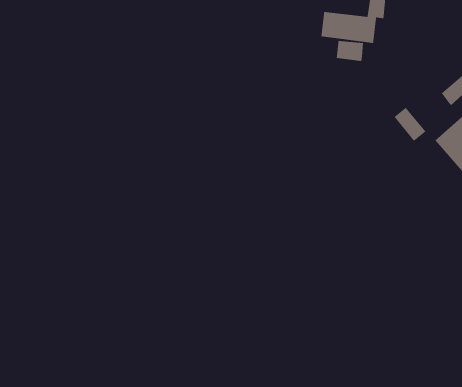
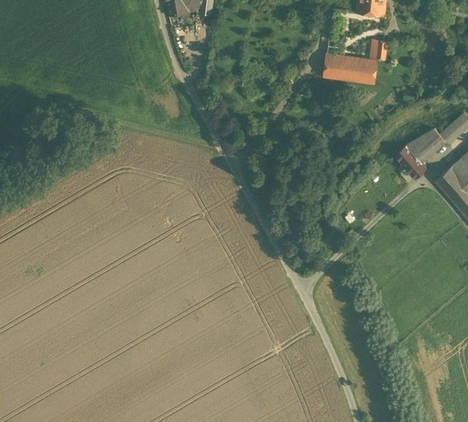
building: [336,40,364,62] -> none
building: none -> [404,128,447,165]

